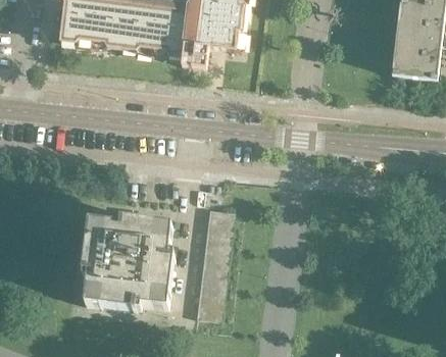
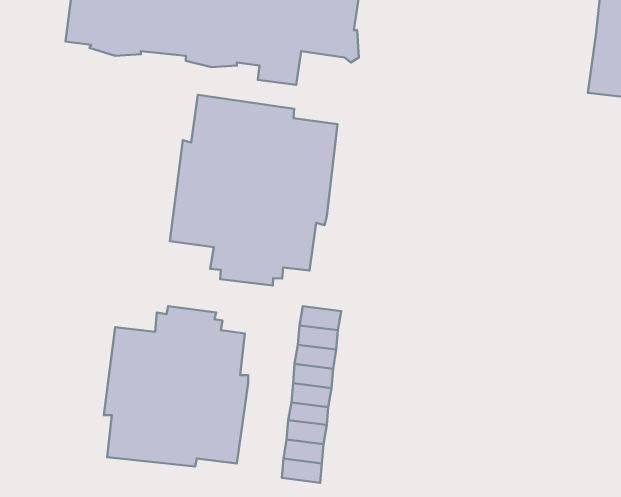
building: none -> [170,95,337,286]

